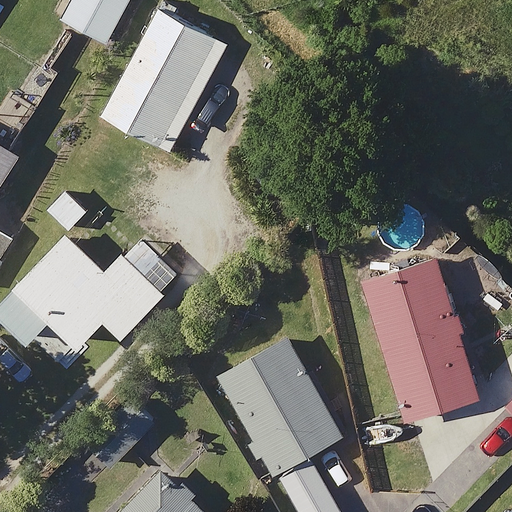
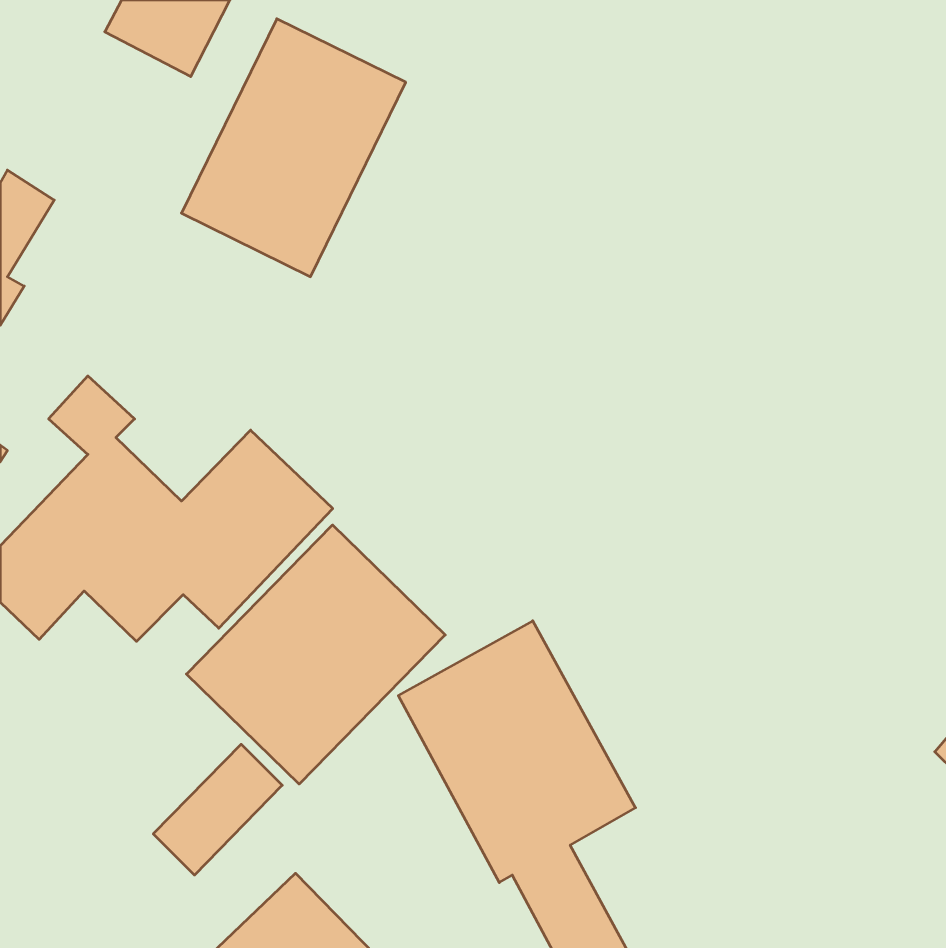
building: [361,260,478,423] -> none
building: none -> [186,525,445,784]

